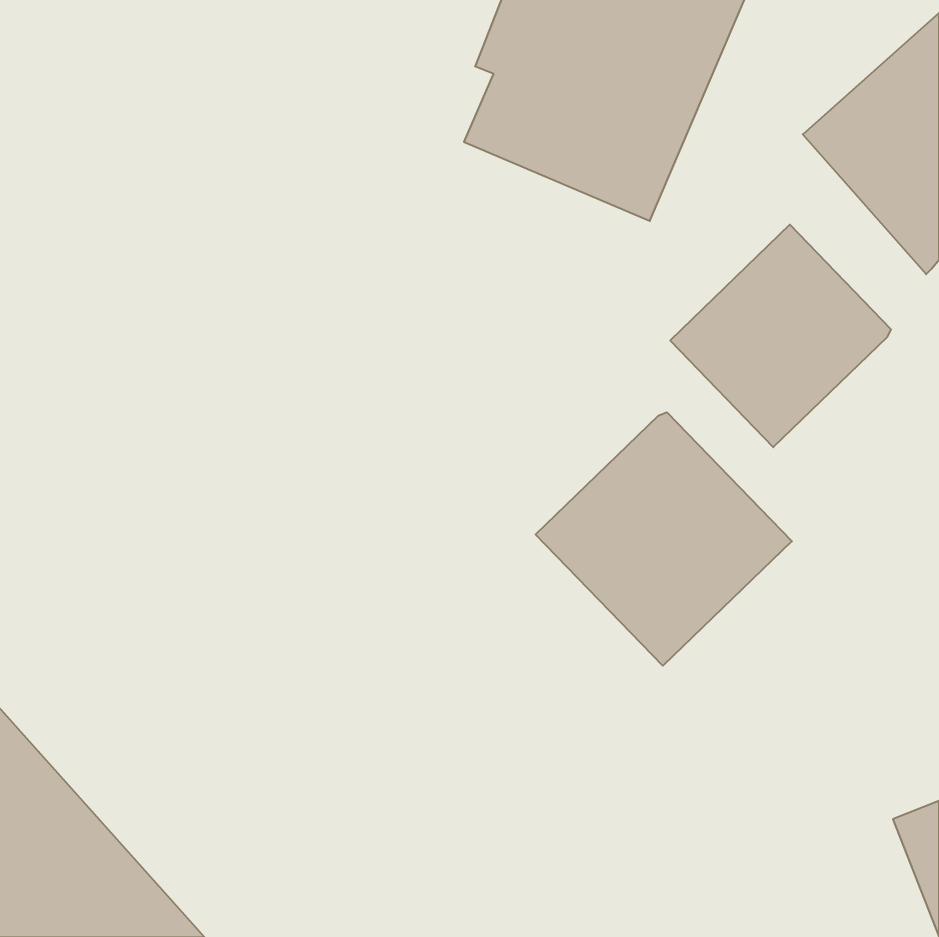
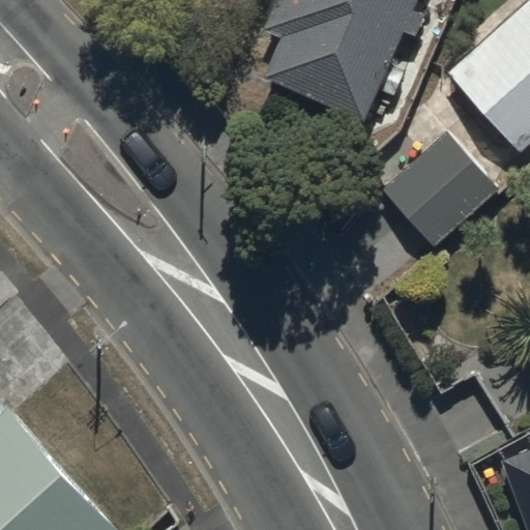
building: [536,412,792,666] -> none

